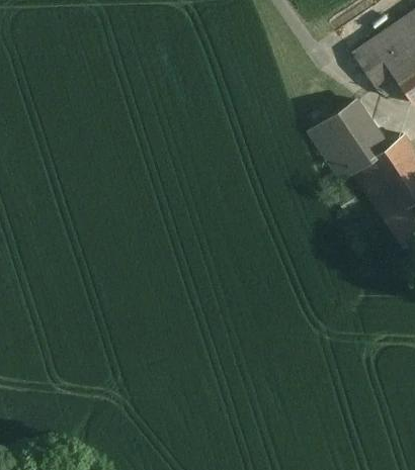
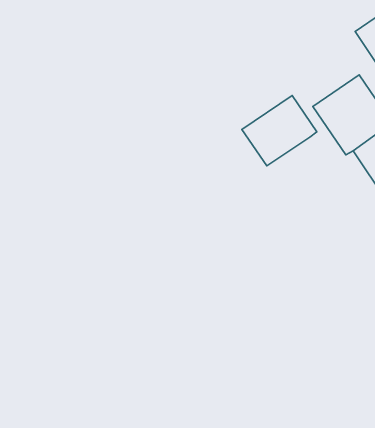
building: none -> [242,96,317,166]

